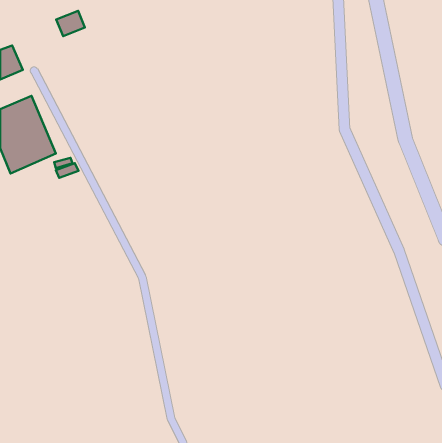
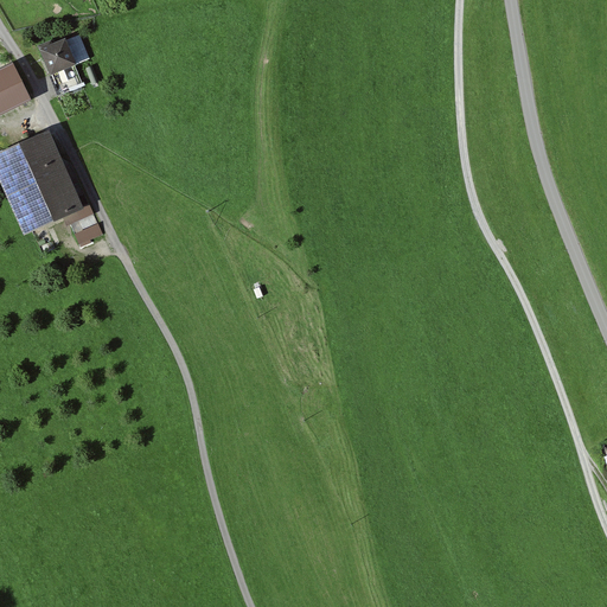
building: [56,11,85,36] -> [36,39,75,74]

